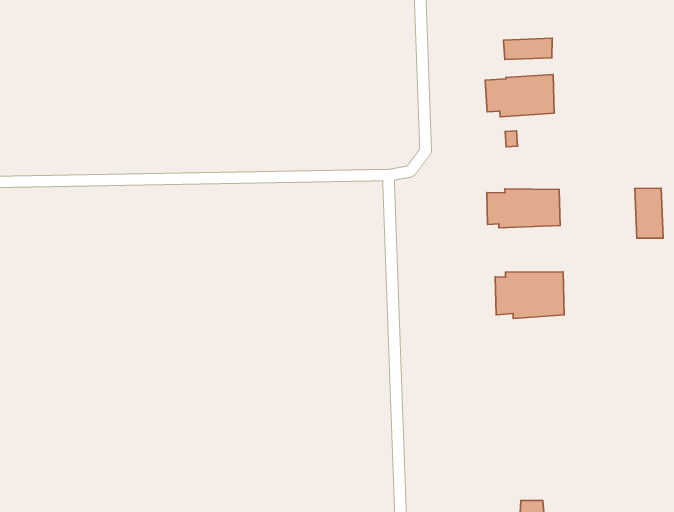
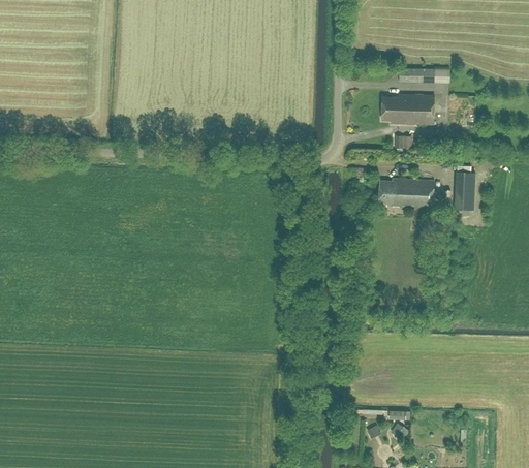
building: [635,188,663,238] -> [455,171,475,210]
building: [495,272,564,319] -> none

